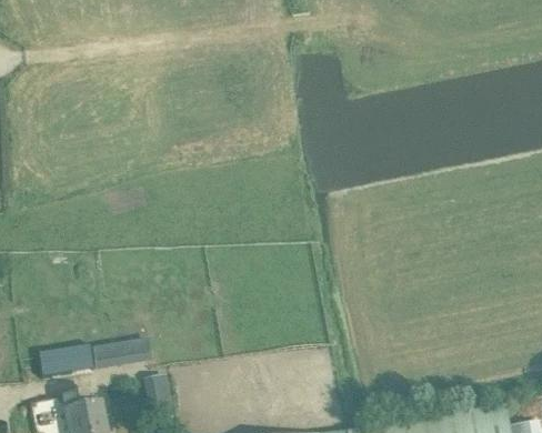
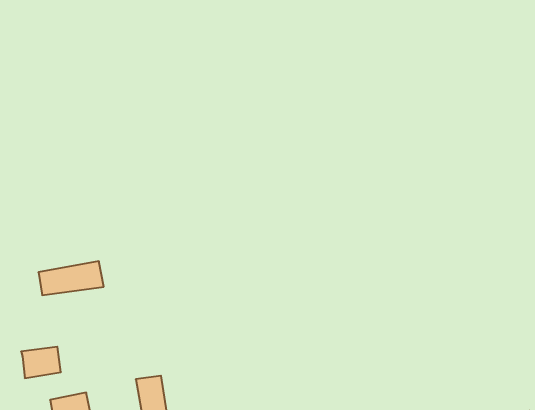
building: [91,339,151,370] -> [38,261,104,295]

